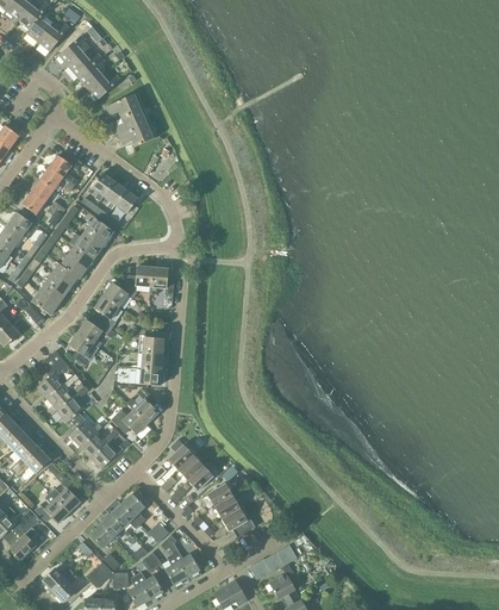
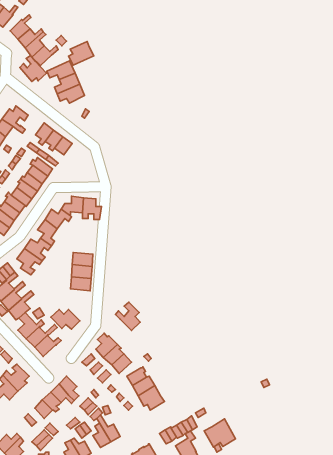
building: none -> [69,41,94,65]
building: none -> [20,56,46,82]
building: [127,387,158,423] -> [116,302,140,330]
building: none -> [204,419,236,447]

